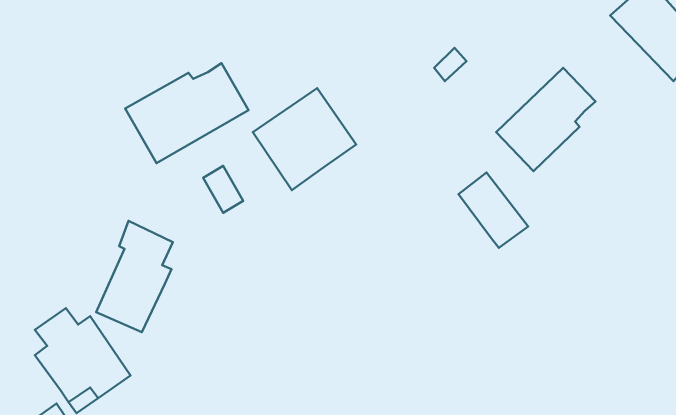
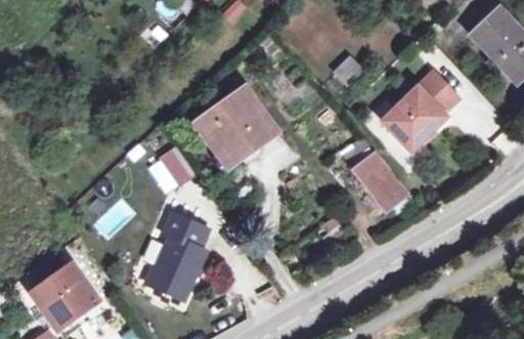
building: [125,63,249,163] -> none
building: [96,221,173,332] -> [149,212,208,297]

